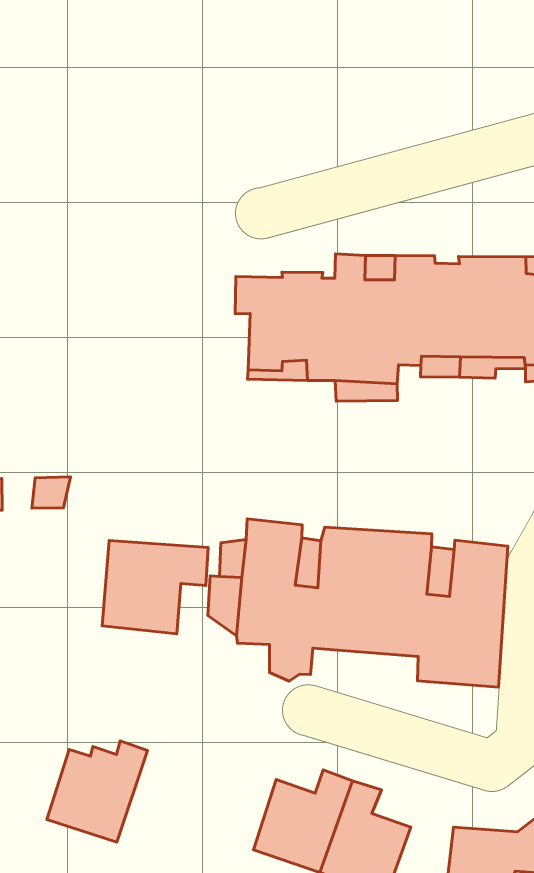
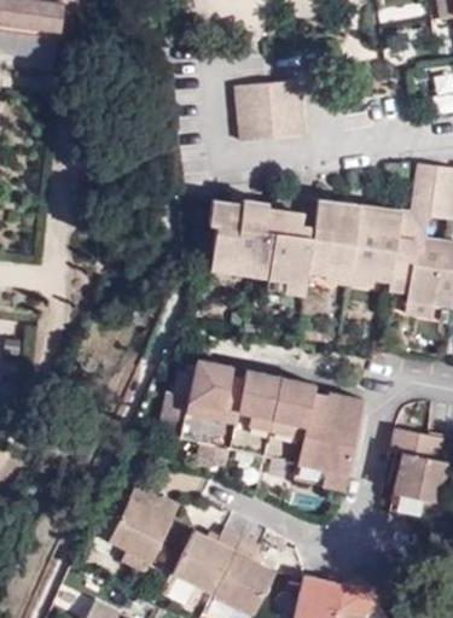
building: none -> [239,83,308,144]
building: [102,540,208,634] -> none
building: [47,741,148,842] -> [109,496,180,561]

